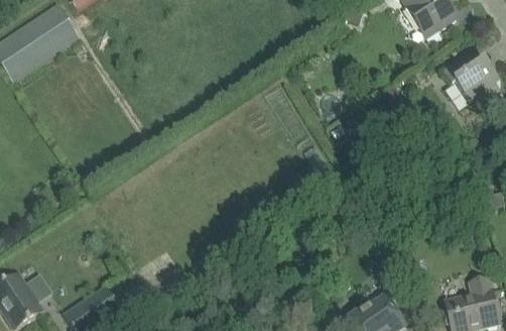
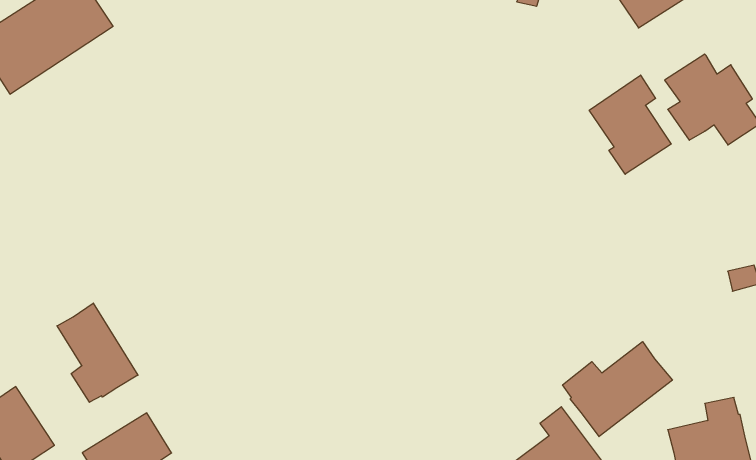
building: none -> [589,75,671,174]
building: none -> [57,303,138,402]
building: none -> [563,342,672,437]

